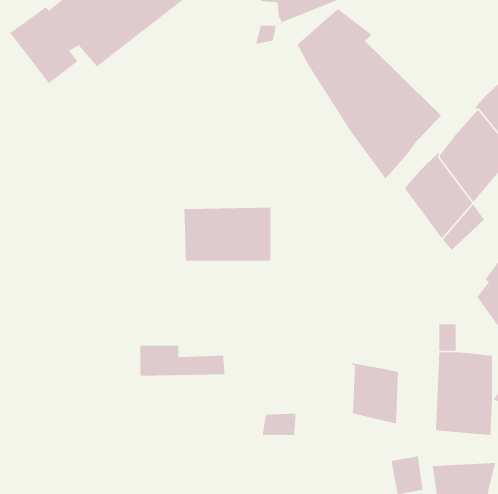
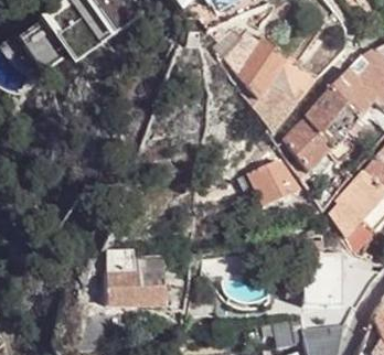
building: [184,207,271,261] -> [106,263,164,300]
building: none -> [250,159,302,206]
building: [351,362,399,424] -> none

